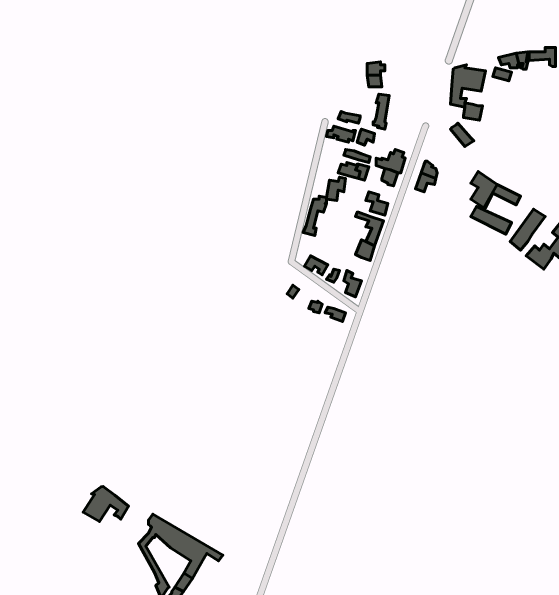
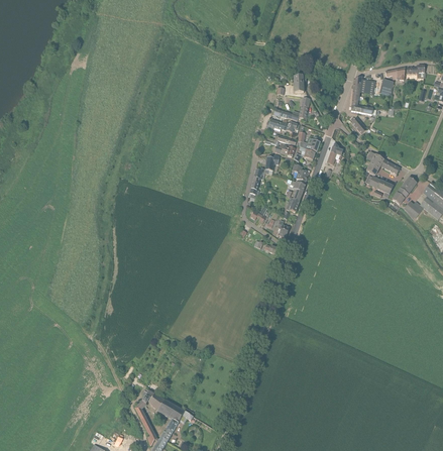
building: [83,486,129,522] -> none

